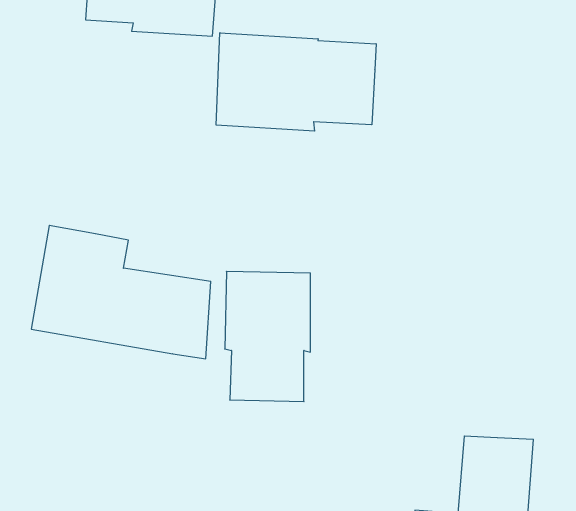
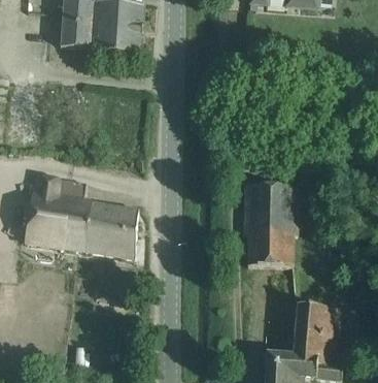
building: [216,33,376,131] -> none
building: [225,271,310,402] -> [242,184,296,265]

